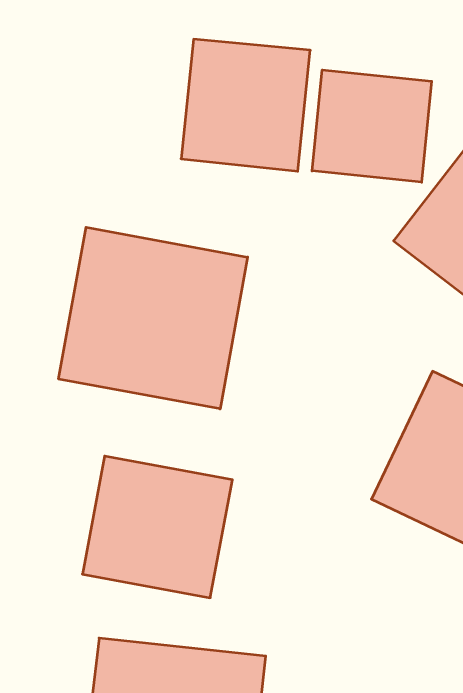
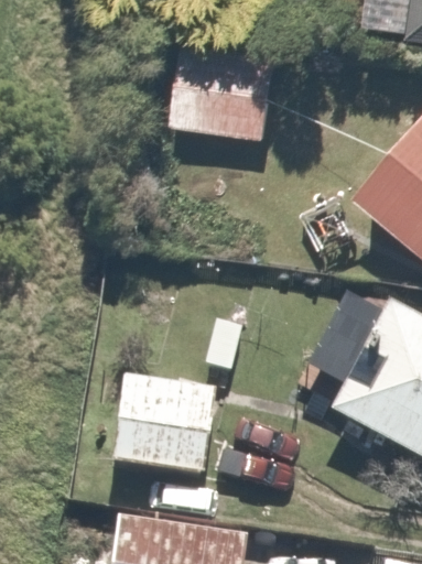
building: [312,70,432,182] -> none
building: [59,227,248,409] -> none

